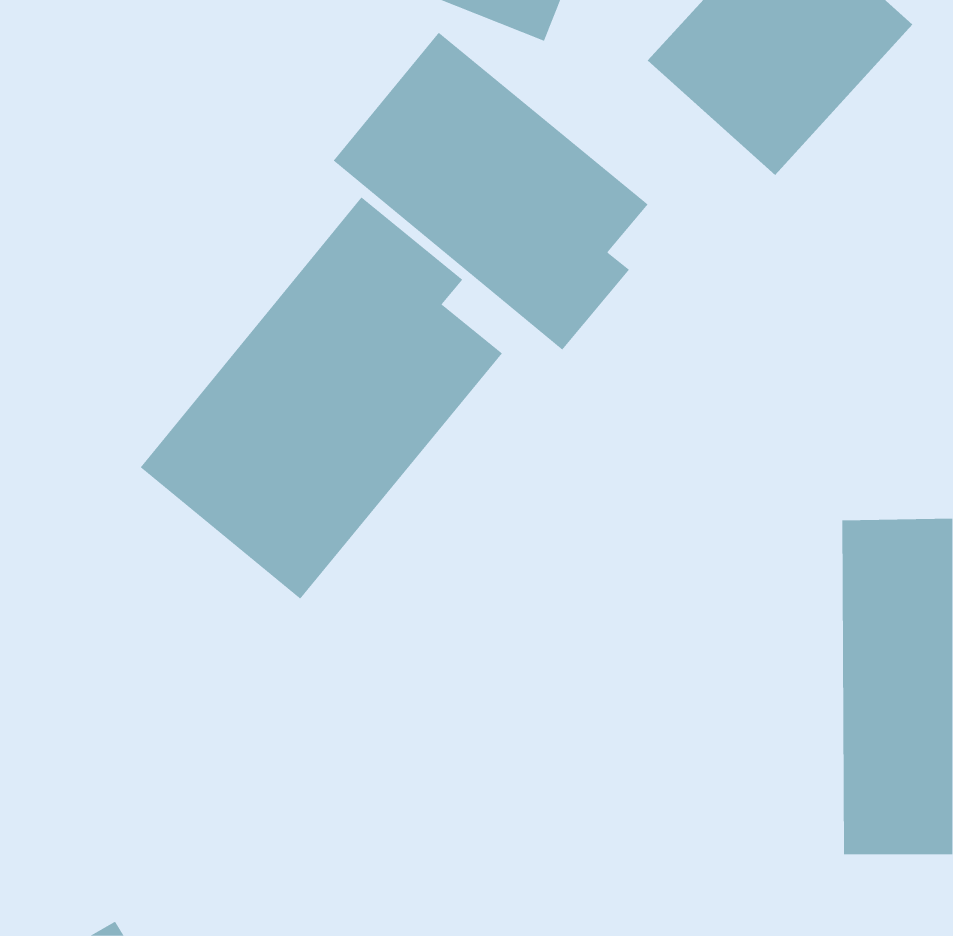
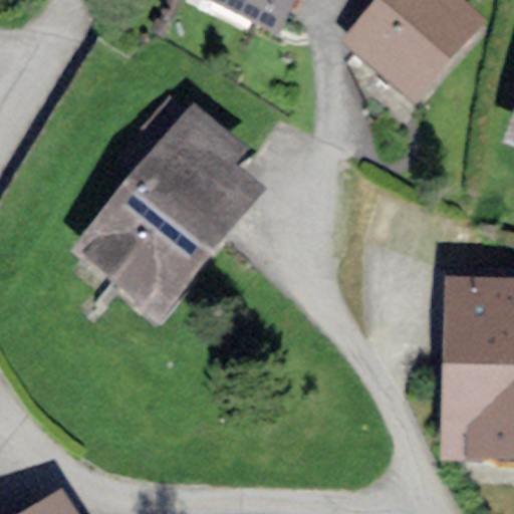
building: [333,32,648,350] -> none

